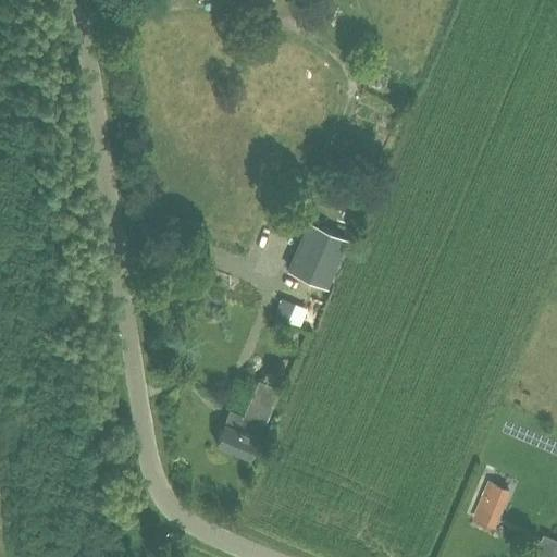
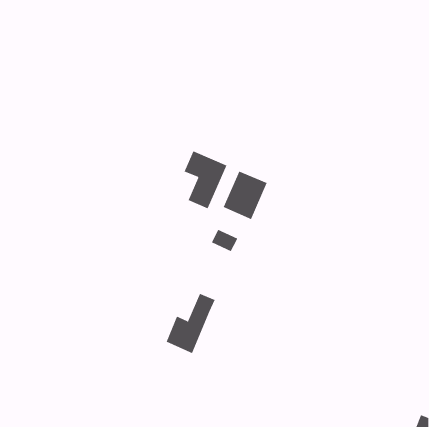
building: none -> [184,150,227,209]
building: [476,486,507,529] -> none

